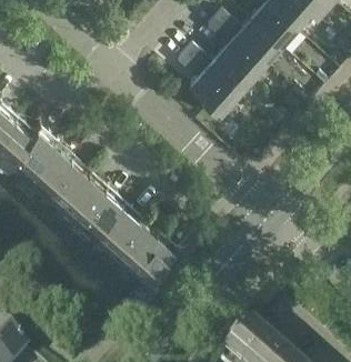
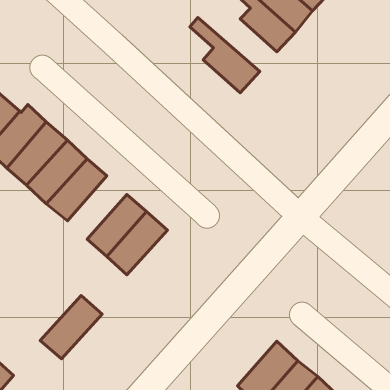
building: [184,39,251,93] -> none
building: [74,181,124,234] -> none
building: [124,227,177,280] -> [40,296,102,359]

